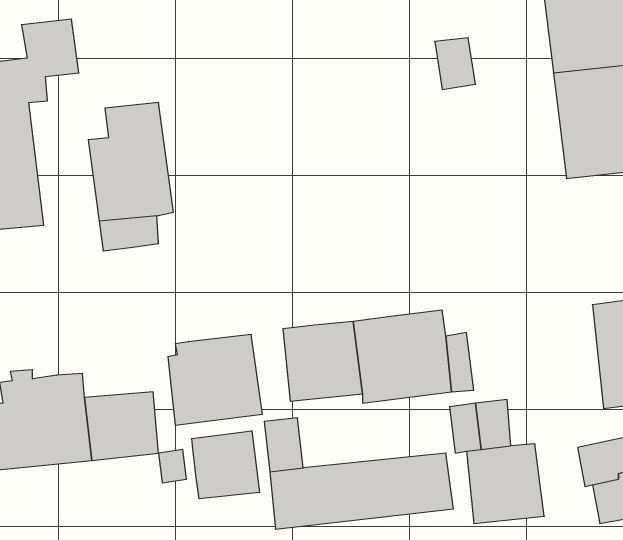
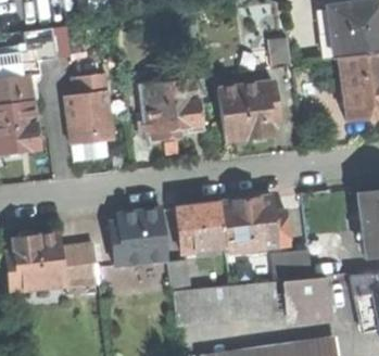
building: none -> [142,79,199,138]
building: none -> [216,80,278,143]
building: [192,431,260,499] -> none

